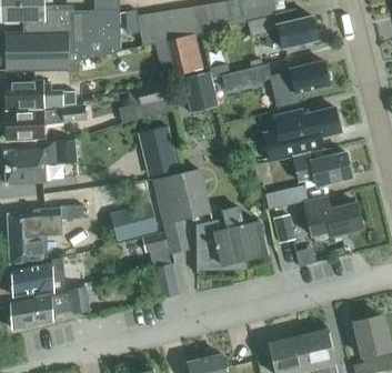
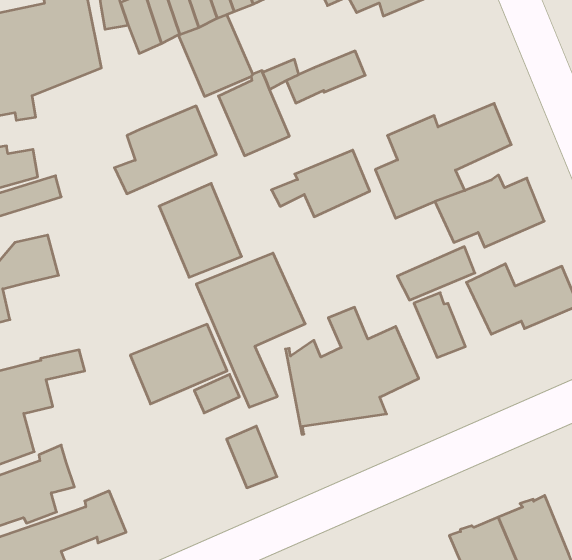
building: [274,61,329,94] -> [271,150,370,217]

